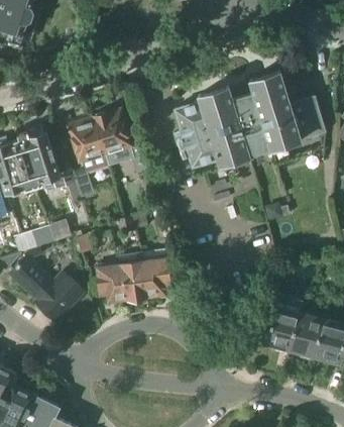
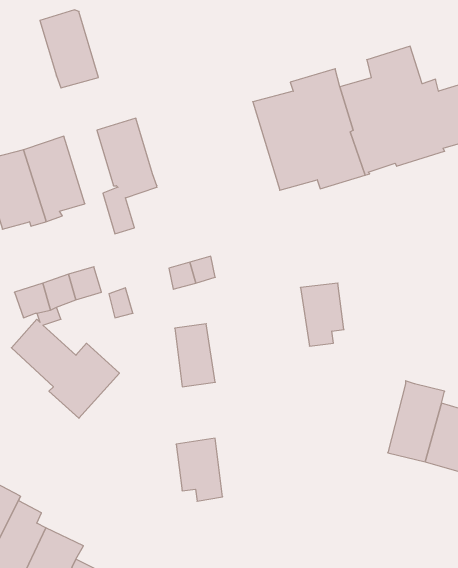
building: [95,113,134,166] -> [40,10,98,88]
building: [142,255,171,298] -> [300,283,344,346]
building: [95,261,126,304] -> [176,438,223,501]

